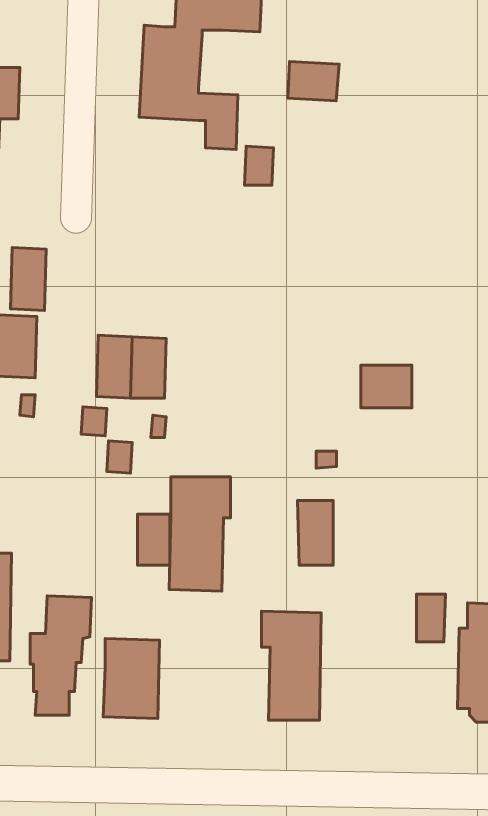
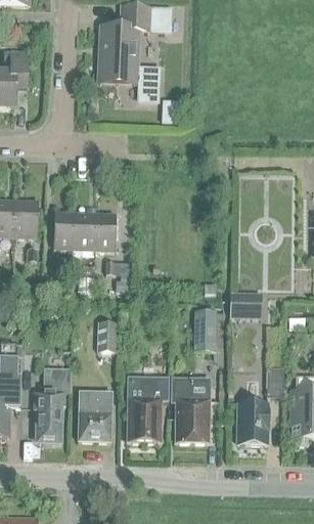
building: [288,61,339,101] -> none
building: [10,248,46,311] -> [53,211,75,249]
building: [361,365,412,408] -> [230,290,261,315]
building: [169,477,230,591] -> [129,375,166,443]
building: none -> [237,402,269,443]

